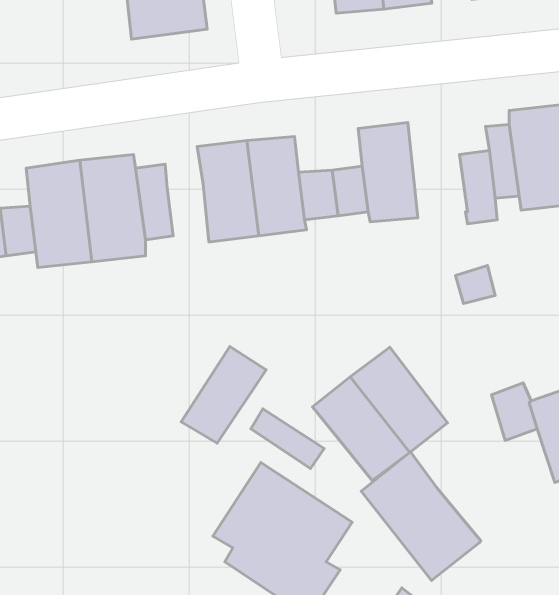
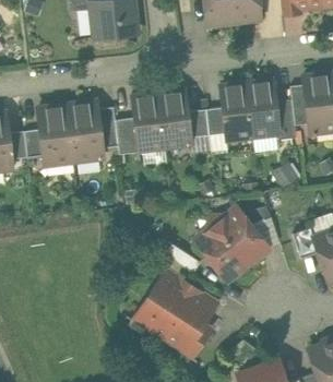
building: none -> [248,81,281,136]
building: none -> [116,118,140,155]
building: [181,346,266,443] -> none
building: [361,452,481,580] -> none

